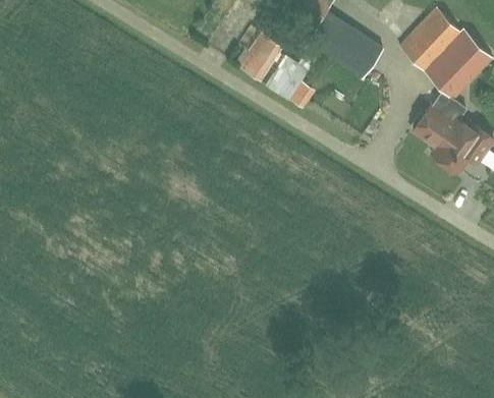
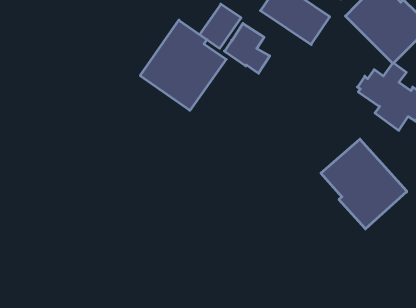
building: none -> [141,20,226,110]
building: none -> [321,139,407,229]

